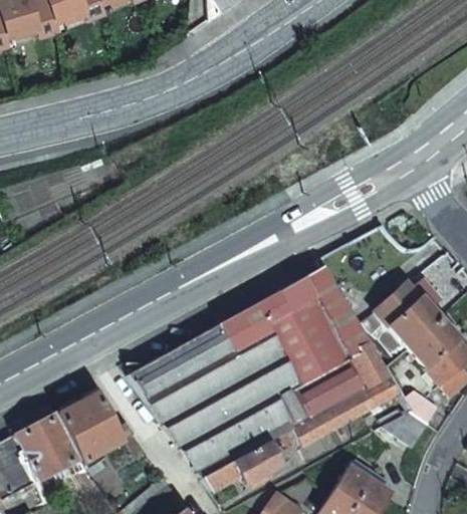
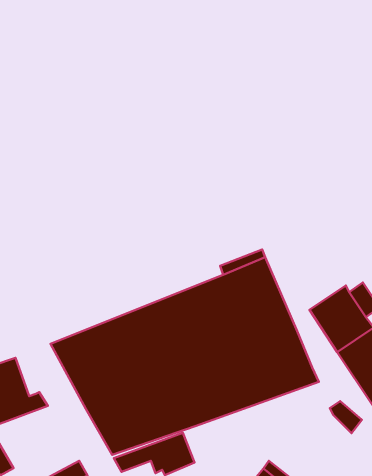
building: [277,377,402,447] -> none
building: [385,408,429,449] -> none

